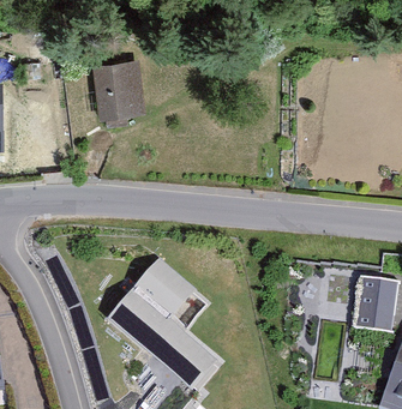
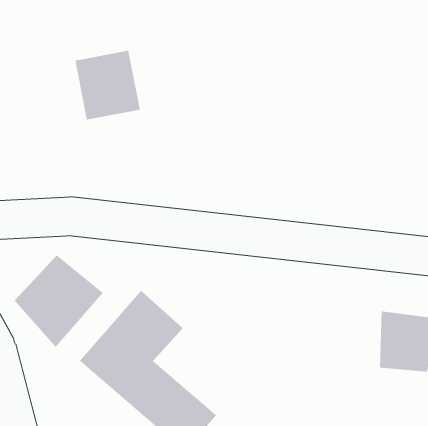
building: none -> [14,254,104,348]

